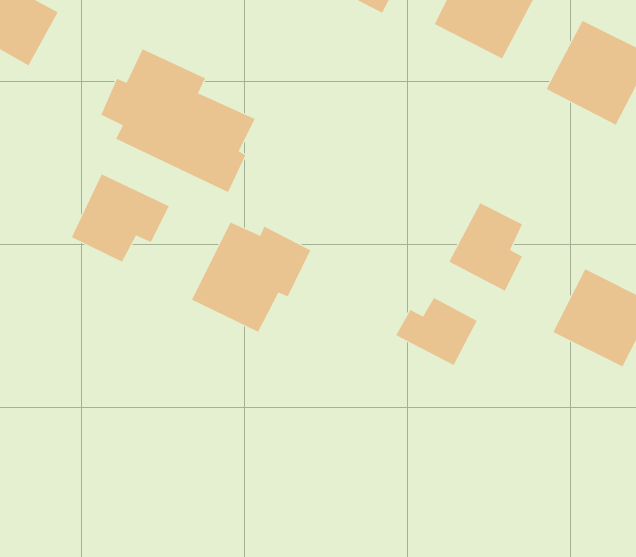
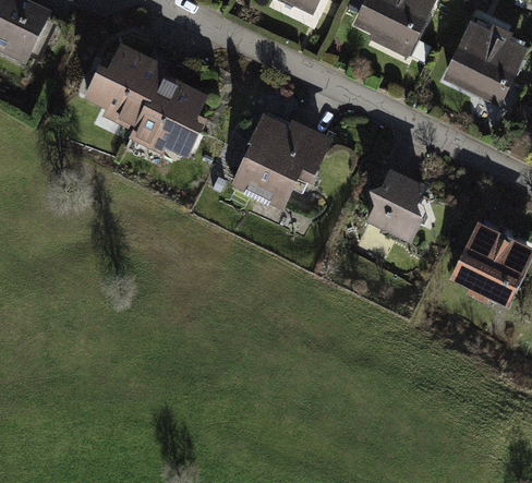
building: [71,173,170,263] -> none
building: [191,222,311,332] -> [230,116,327,205]
building: [396,297,478,366] -> none

